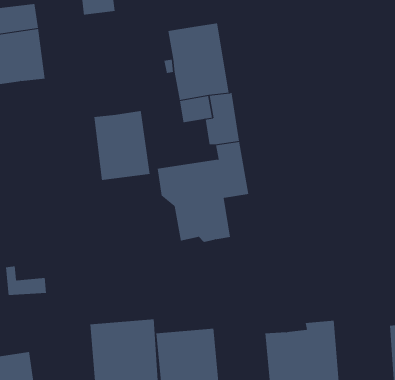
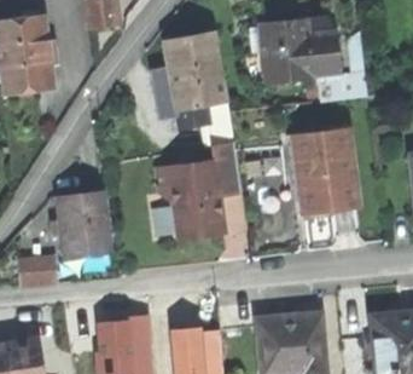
building: none -> [262,19,339,81]
building: [93,110,151,181] -> [59,190,112,255]
building: none -> [293,125,357,212]

